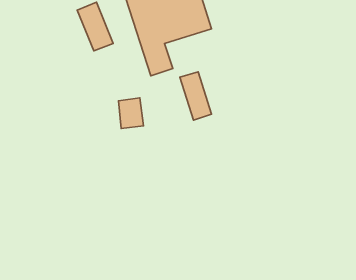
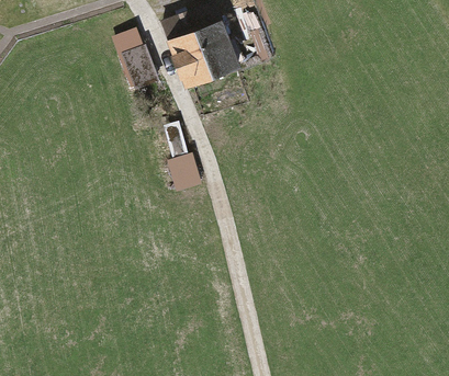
building: [180,72,211,120] -> none

